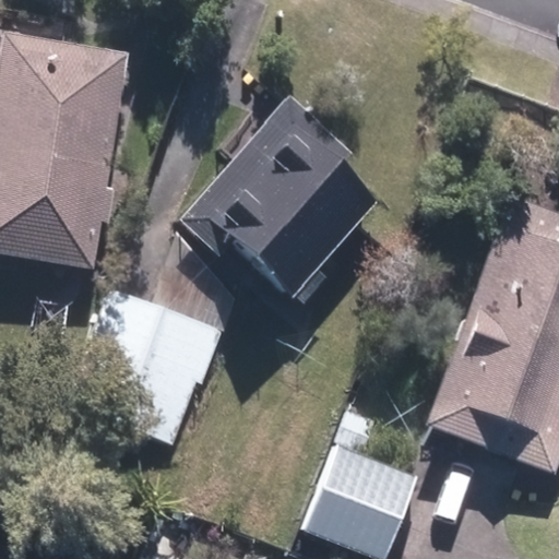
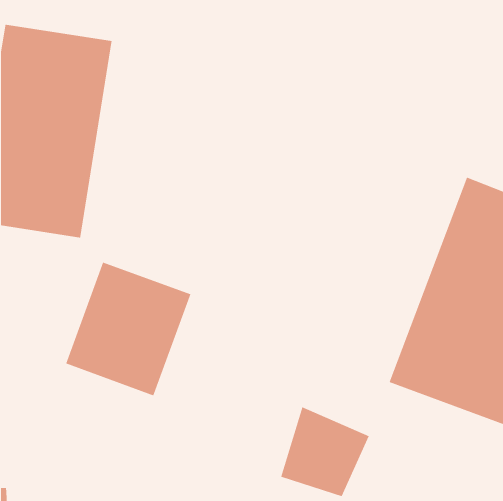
building: [177,99,386,300] -> none

